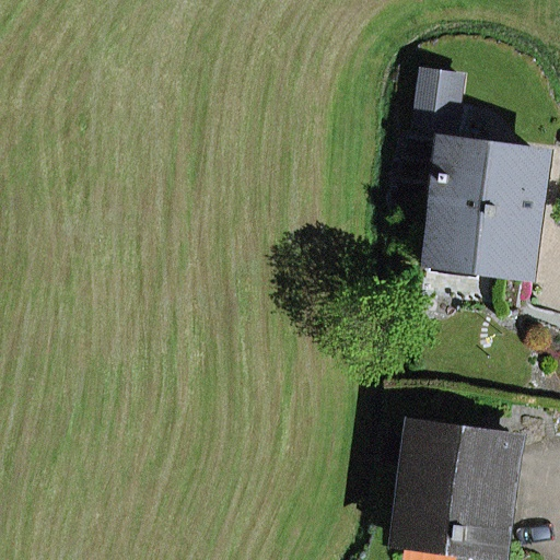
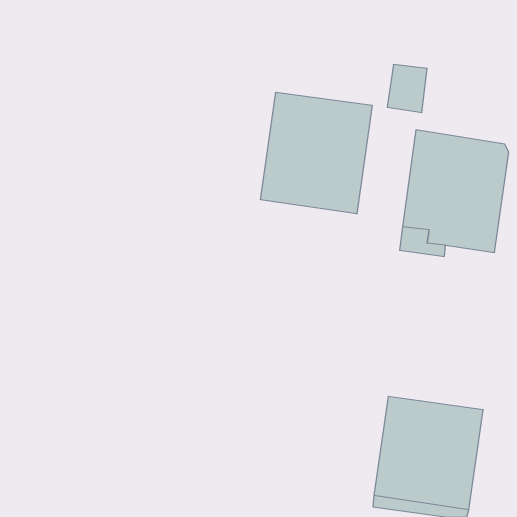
building: none -> [261,92,372,214]

